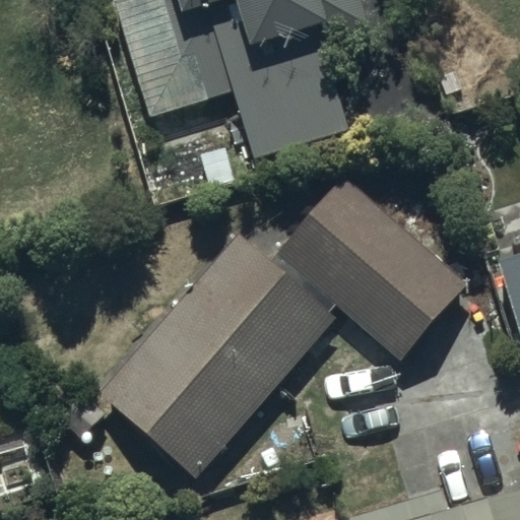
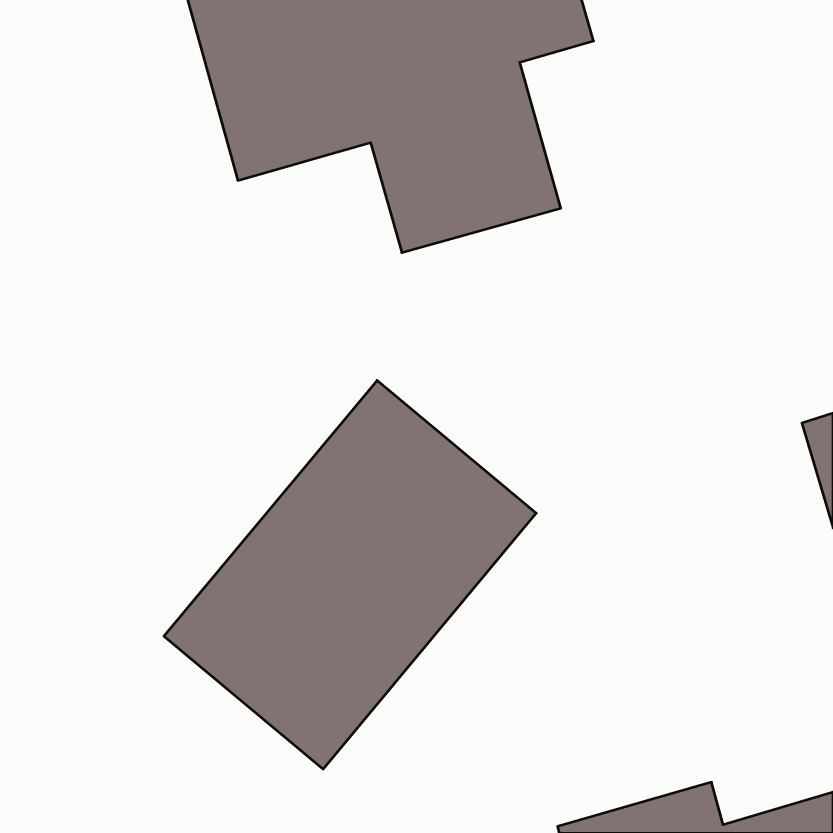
building: [277,179,466,358] -> none

